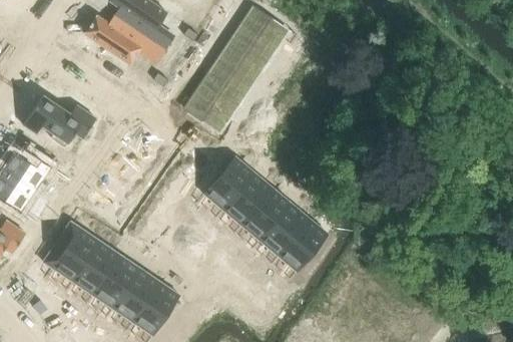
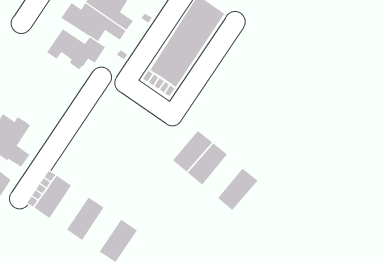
building: [23,94,96,145] -> [46,28,106,70]
building: [203,154,253,209] -> none
building: [260,202,309,255] -> none
building: [72,240,119,294] -> none
building: [112,267,159,321] -> none

